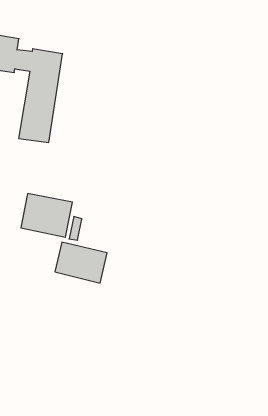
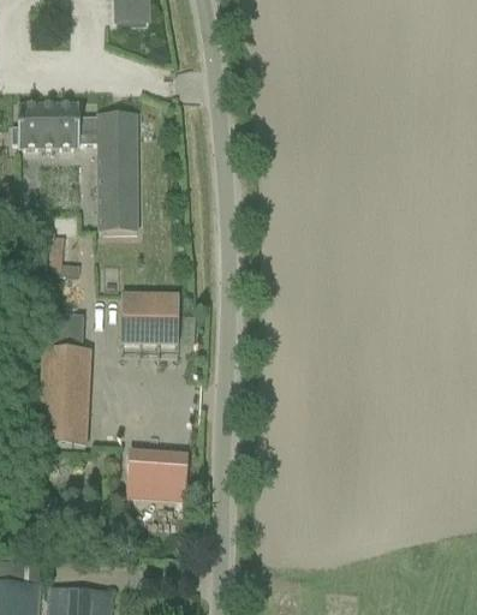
building: [55,242,107,283] -> [126,456,187,500]

